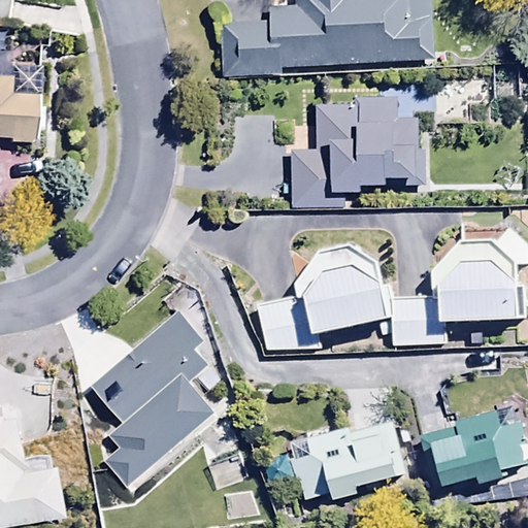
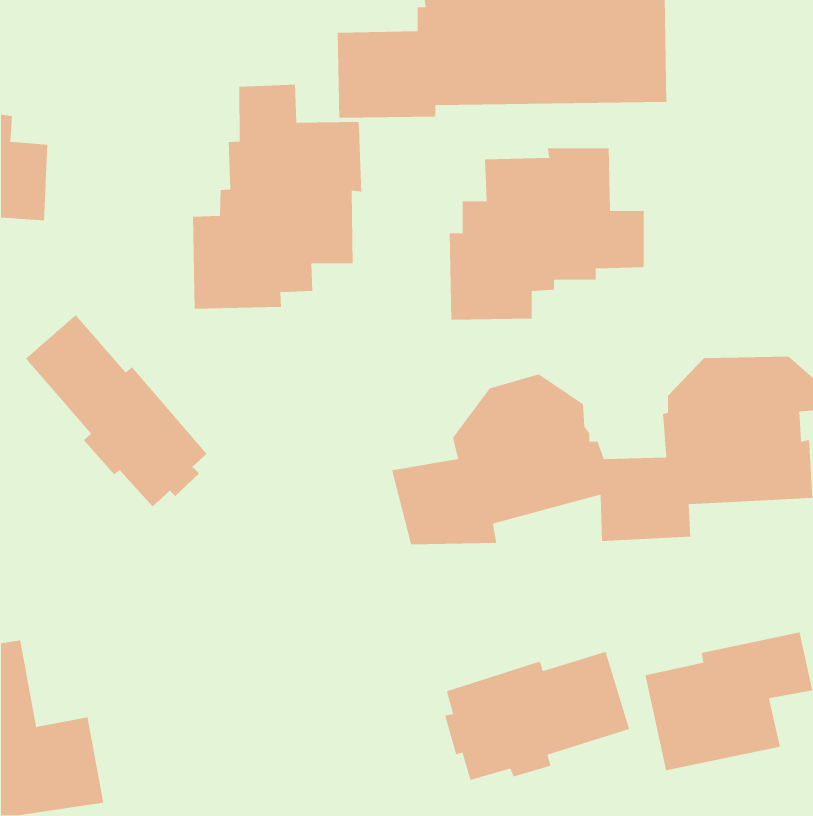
building: none -> [192,84,362,309]
building: none -> [25,314,207,507]
building: [91,307,218,489] -> none

